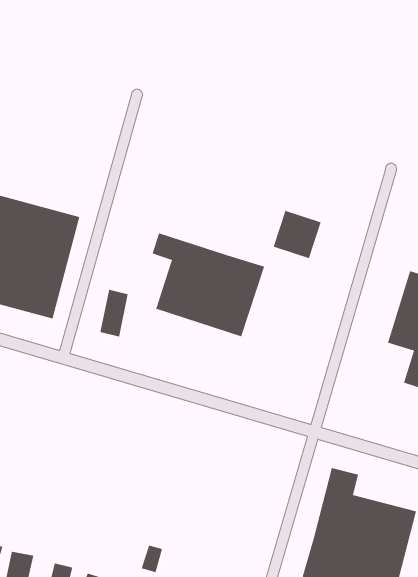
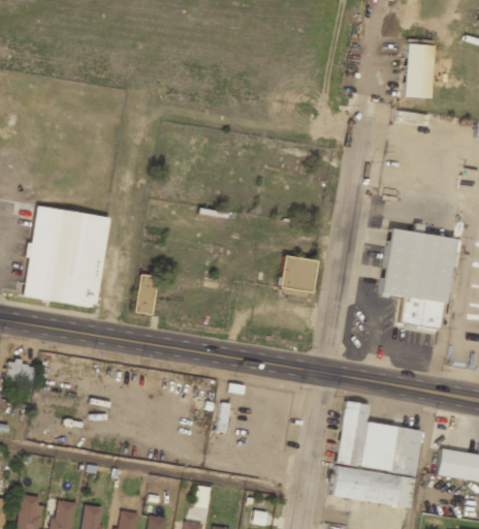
building: [273,210,321,259] -> [280,255,318,293]
building: [152,233,265,337] -> none

